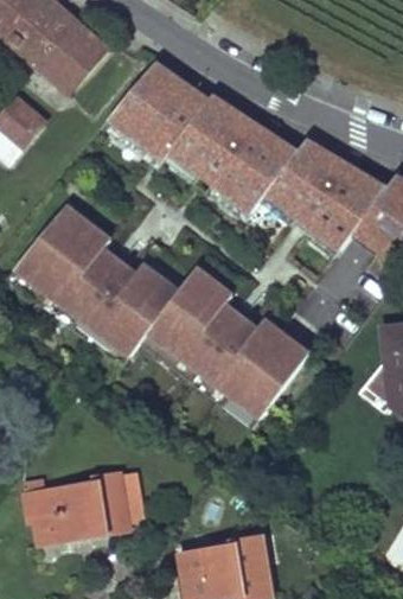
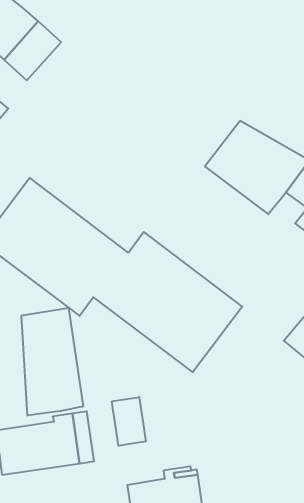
building: [104,62,300,219] -> none
building: none -> [21,308,83,416]
building: none -> [112,397,146,446]

